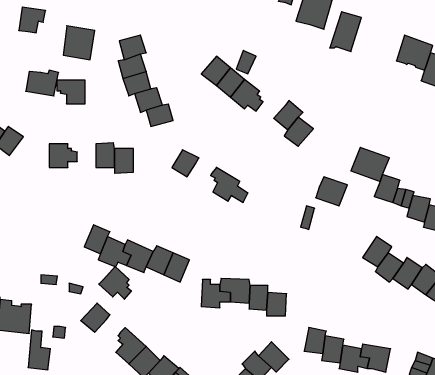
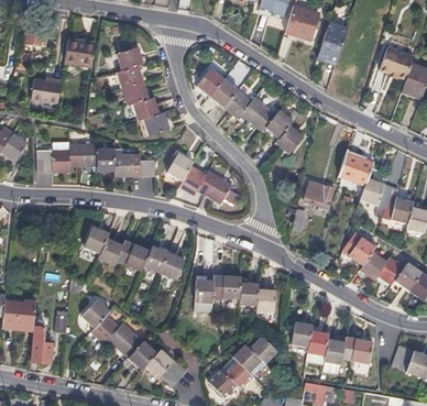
building: [57,80,85,104] -> [69,144,96,166]
building: none -> [247,96,274,130]
building: none -> [179,168,210,195]
building: [99,266,131,299] -> [90,315,121,345]

